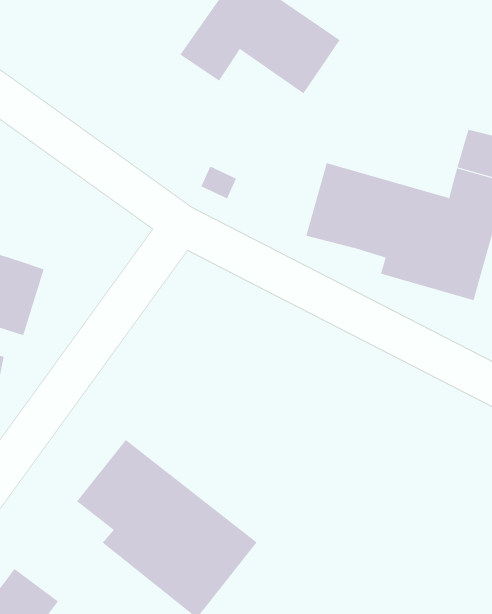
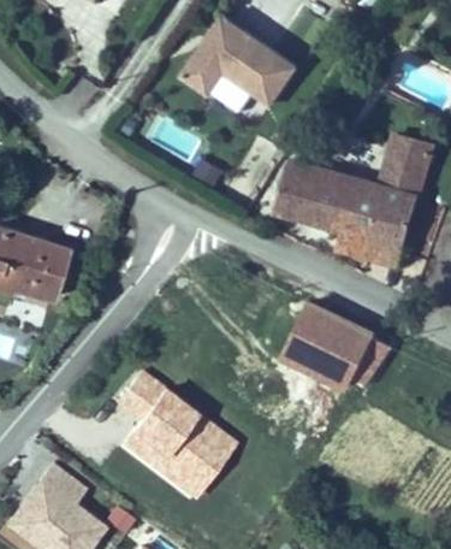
building: none -> [280,301,379,392]

